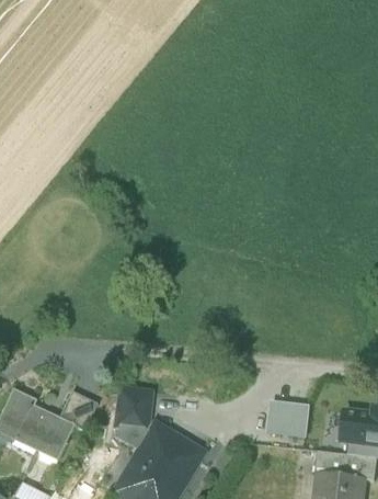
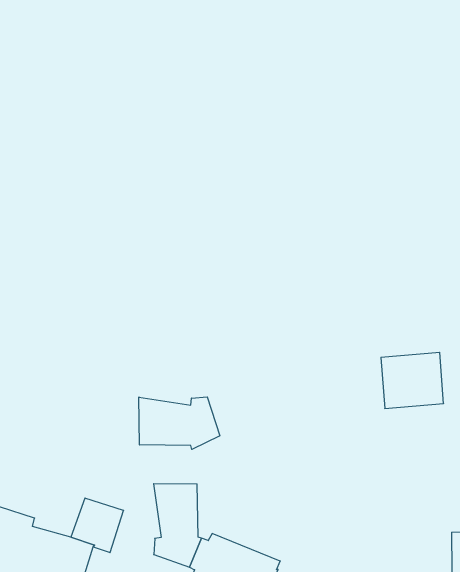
building: none -> [139,397,220,449]
building: [270,399,312,436] -> [381,352,444,408]

